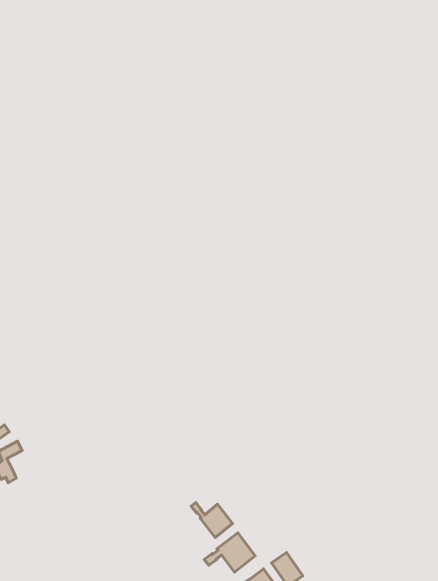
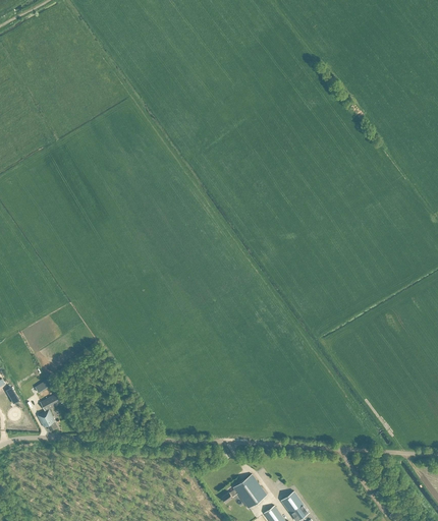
building: [191,503,232,537] -> none

